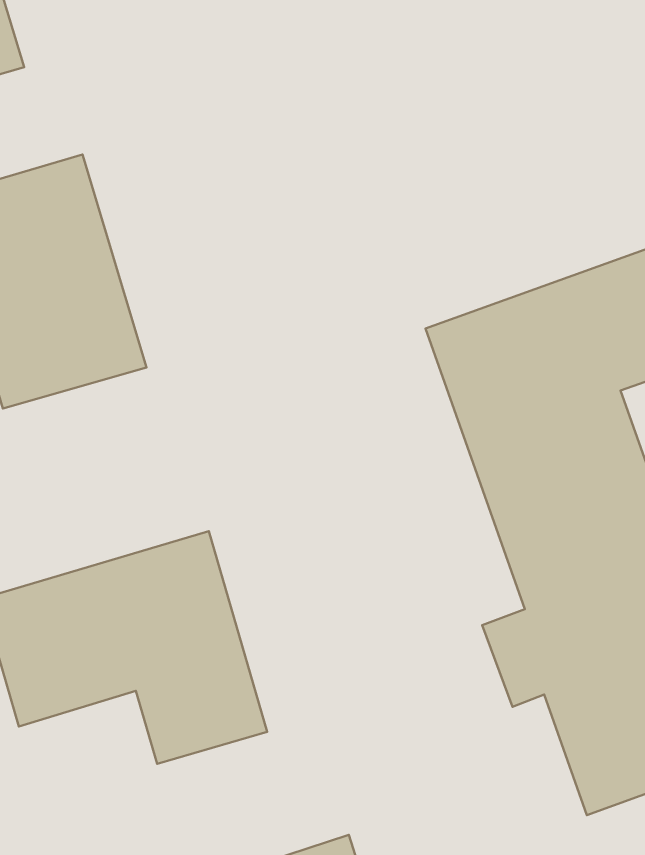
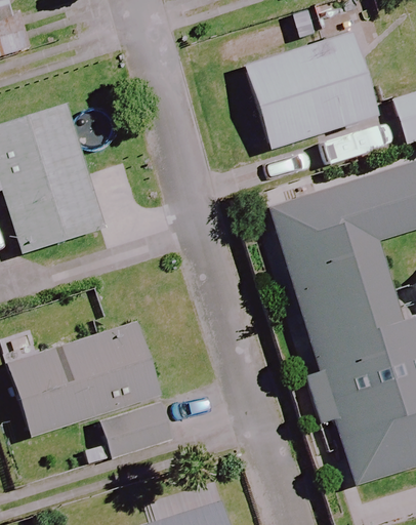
building: none -> [244,31,379,148]

